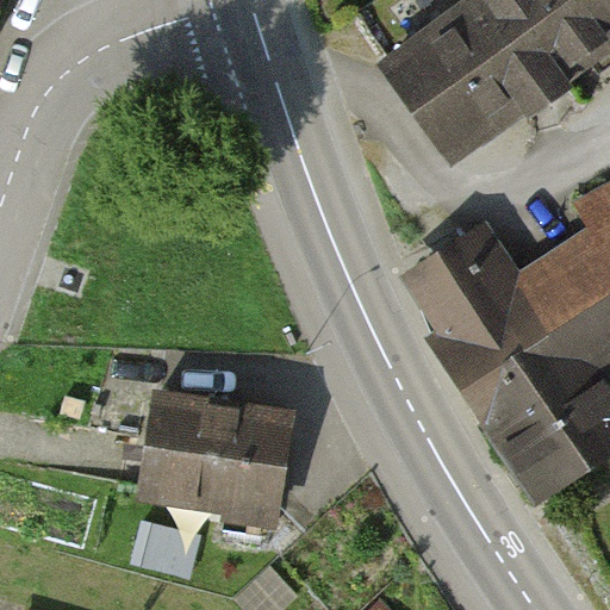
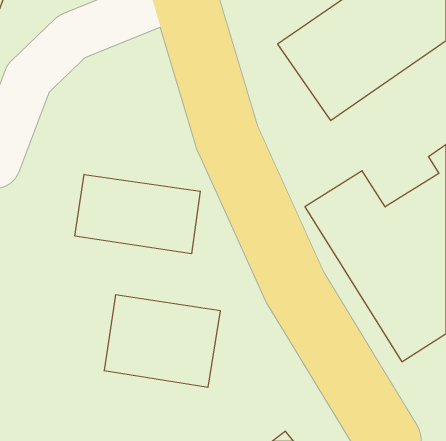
building: none -> [75,174,200,254]

